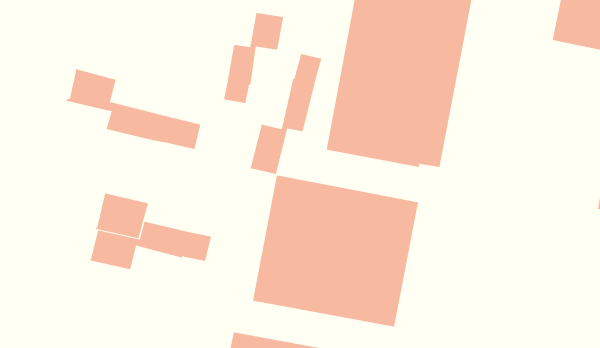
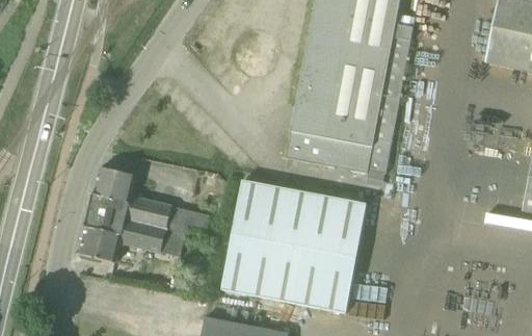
building: [224,12,284,104] -> none
building: [250,53,322,175] -> none
building: [66,69,201,150] -> [91,166,210,237]

